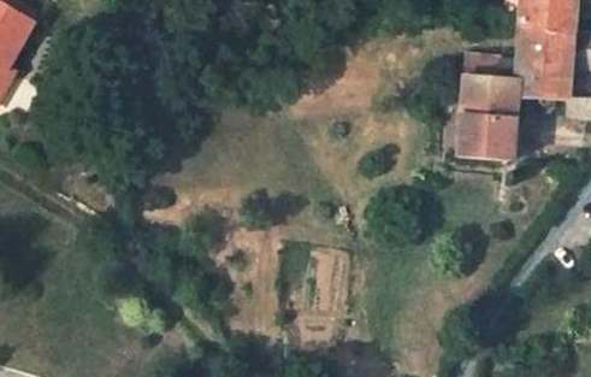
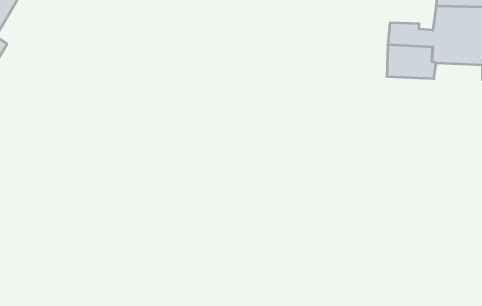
building: [456,112,514,158] -> none

